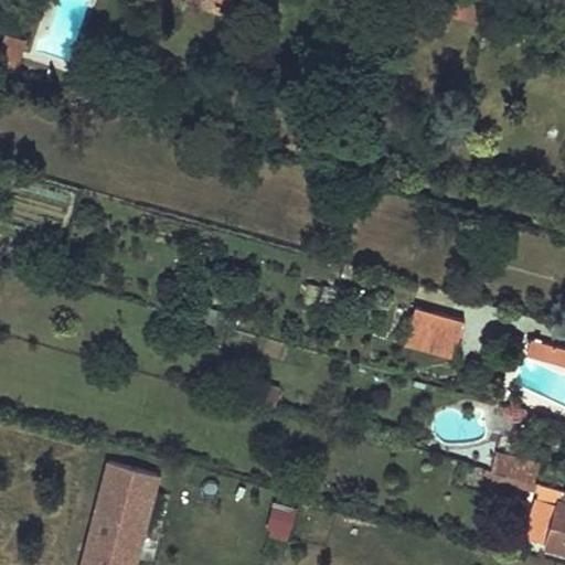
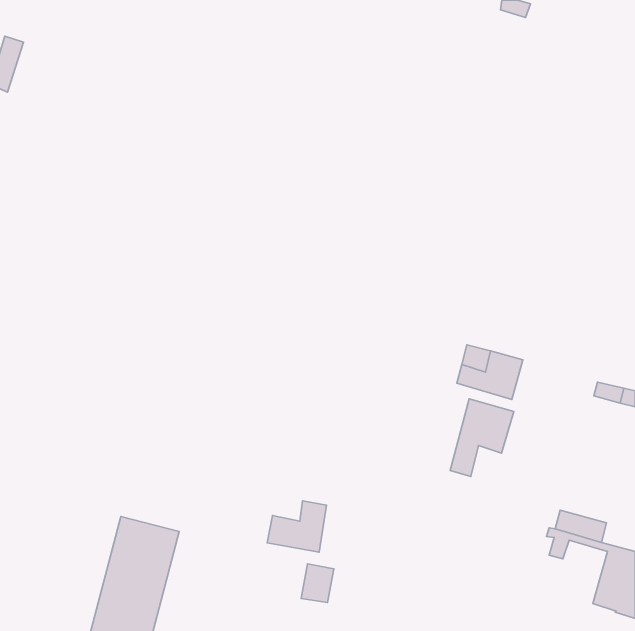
building: none -> [450,399,514,477]
building: none -> [267,501,327,552]

